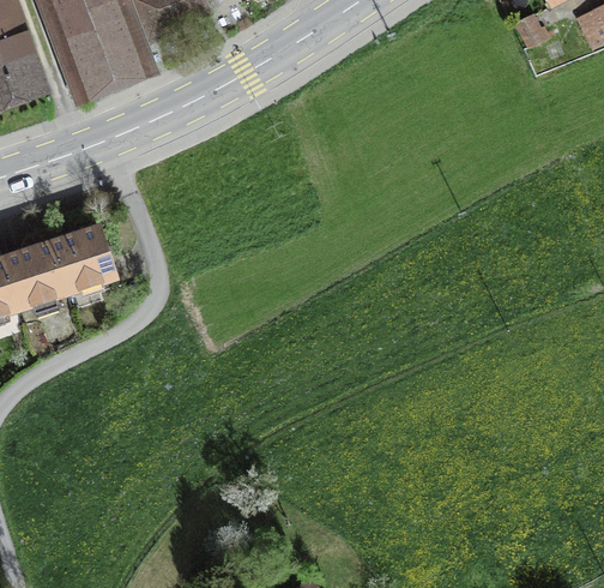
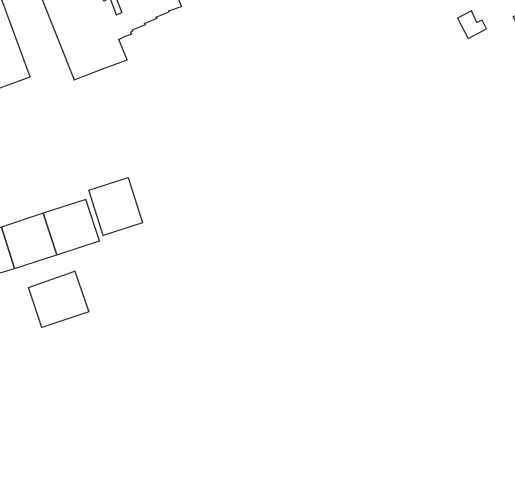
building: none -> [89,178,143,236]
building: none -> [28,271,89,327]

